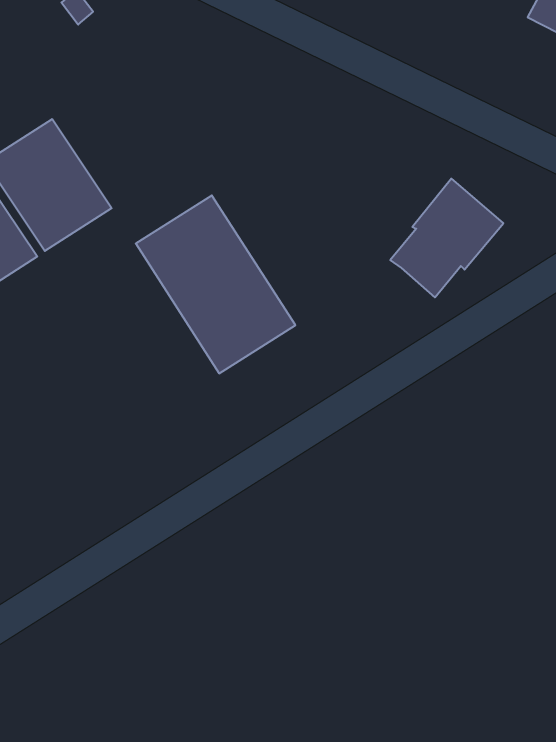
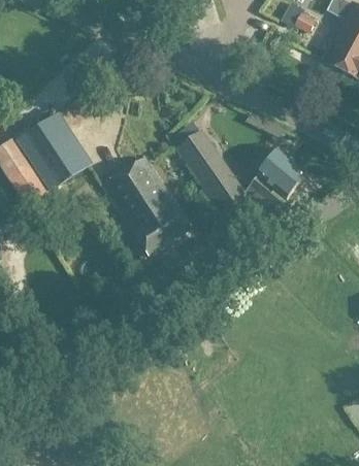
building: none -> [176,129,250,214]

